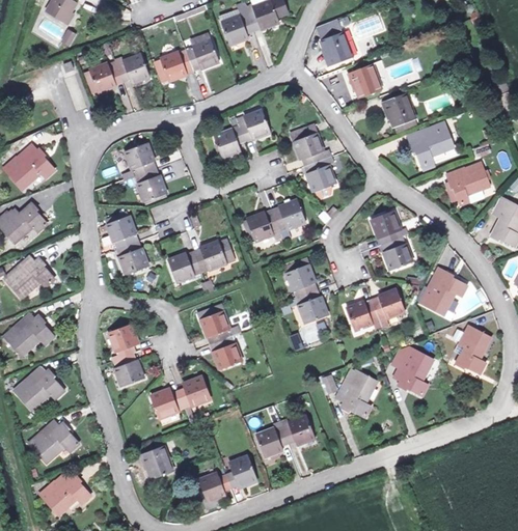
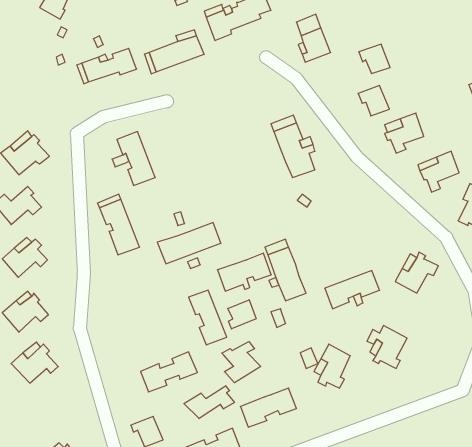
building: [349,66,382,97] -> [359,44,390,74]
building: [213,111,269,156] -> none
building: [246,200,303,241] -> [217,253,271,291]
building: [371,213,412,270] -> none
building: none -> [228,300,256,329]
building: [111,328,146,388] -> none
building: [454,328,489,373] -> none
building: none -> [222,342,261,383]
building: none -> [184,386,234,419]
building: [29,420,77,463] -> none

